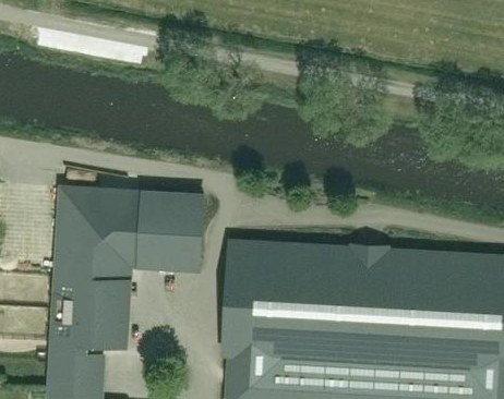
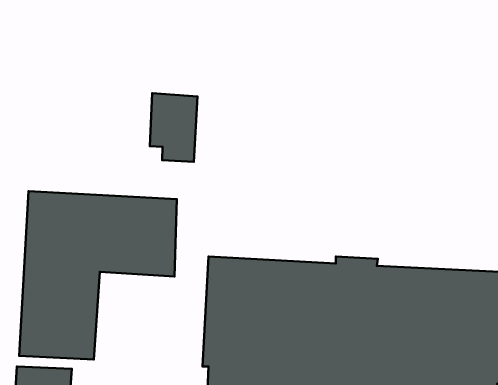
building: none -> [150,93,198,162]

